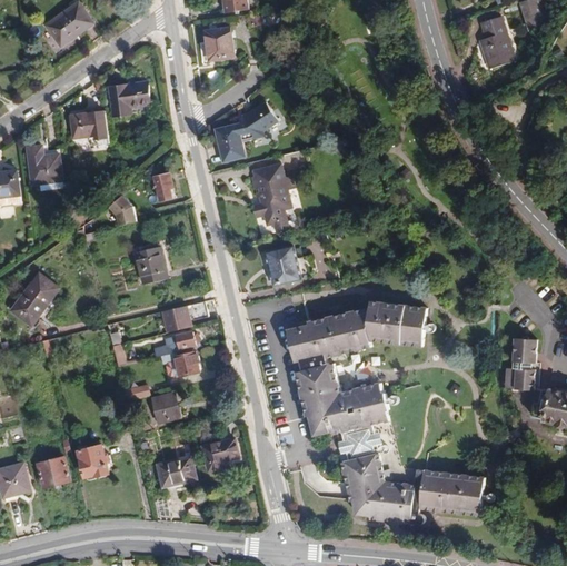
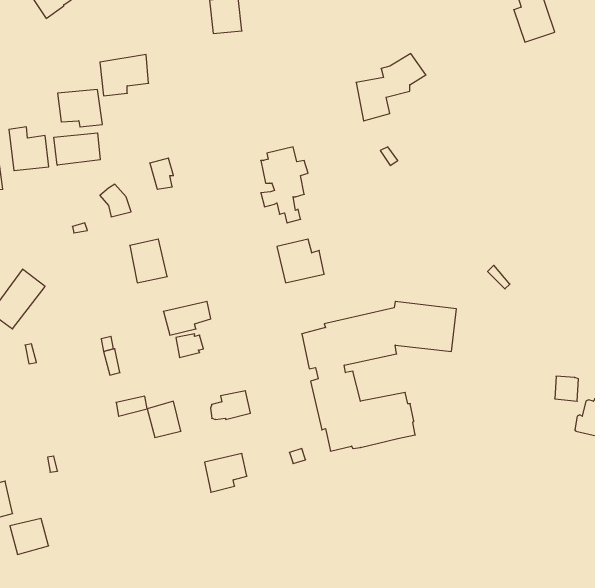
building: [216,102,278,162] -> [356,54,426,121]
building: none -> [54,133,100,165]
building: [513,337,537,361] -> none
building: [165,350,200,376] -> [211,391,250,419]
building: [340,423,484,523] -> none
building: [77,444,109,476] -> none
building: [36,455,70,487] -> [10,518,49,554]
building: [156,455,196,486] -> none

